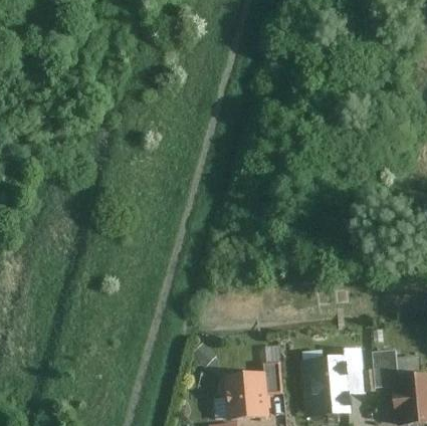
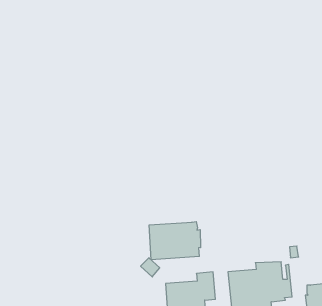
building: none -> [149,222,201,260]
building: [372,349,398,387] -> none

